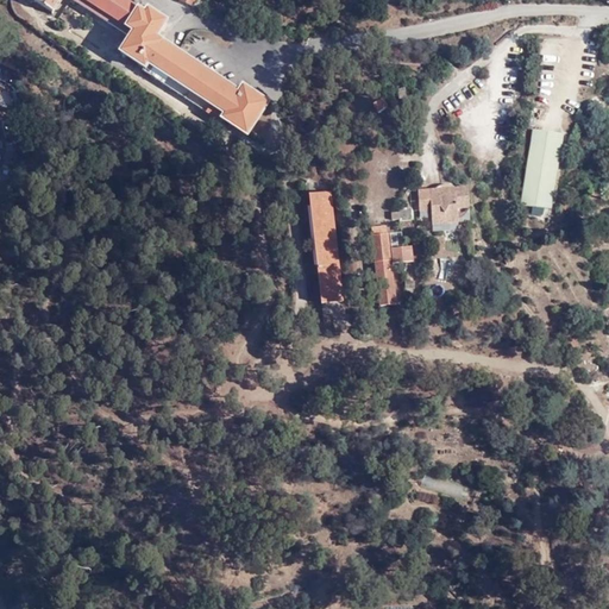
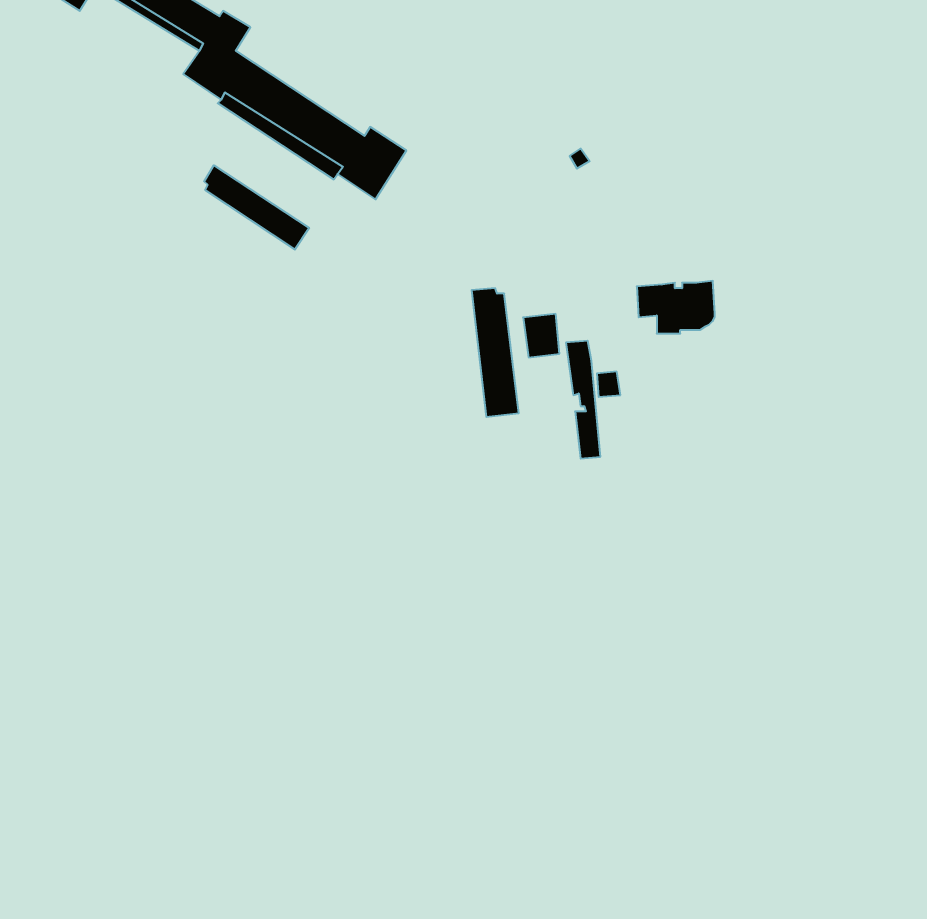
building: none -> [204,165,309,250]
building: [521,126,563,206] -> none
building: [319,271,343,300] -> [523,314,559,357]

